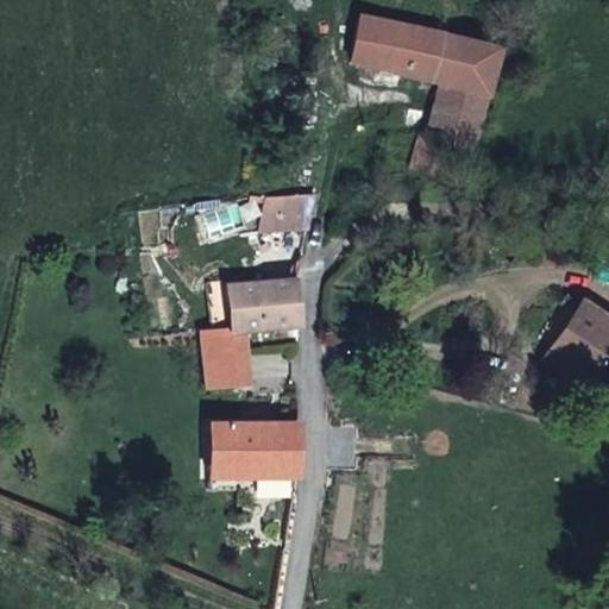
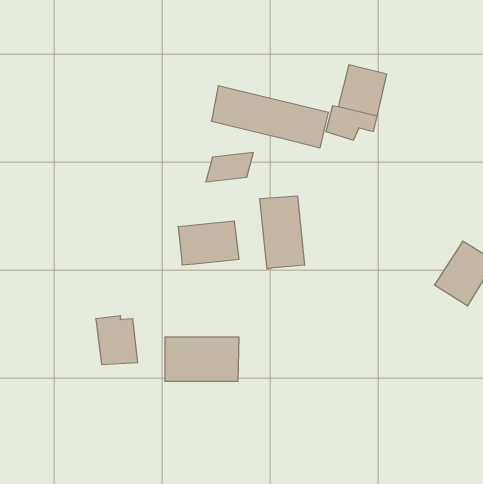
building: [352,15,498,93] -> [211,86,329,148]
building: none -> [260,196,304,269]
building: [201,326,253,387] -> [96,316,138,364]

